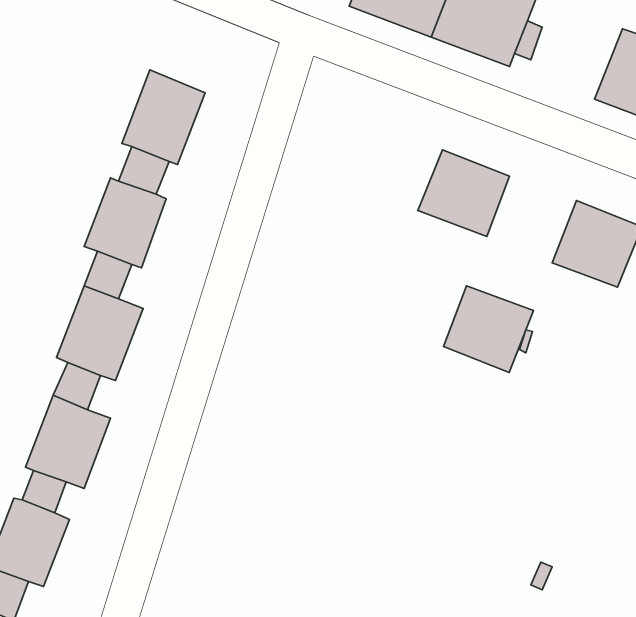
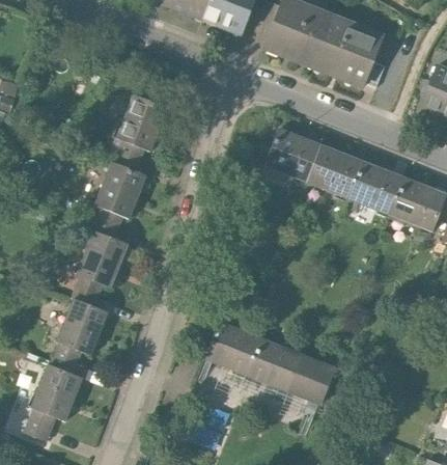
building: none -> [260,125,319,181]
building: [444,286,534,373] -> [347,159,404,214]
building: none -> [201,319,334,403]

